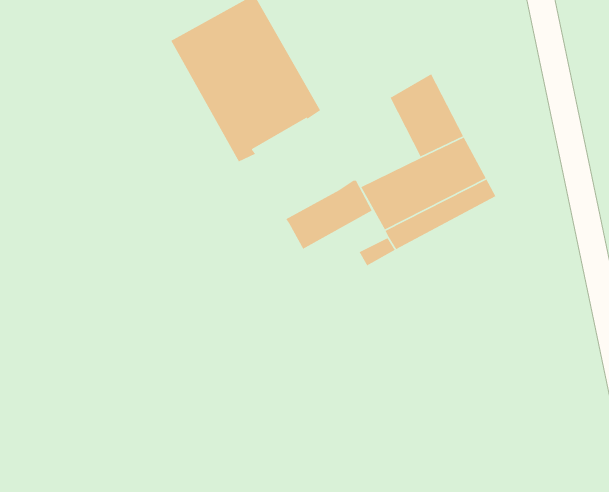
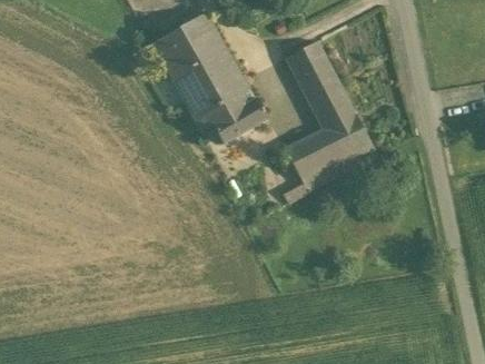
building: none -> [285,39,330,86]
building: [285,180,373,250] -> [208,95,268,142]

